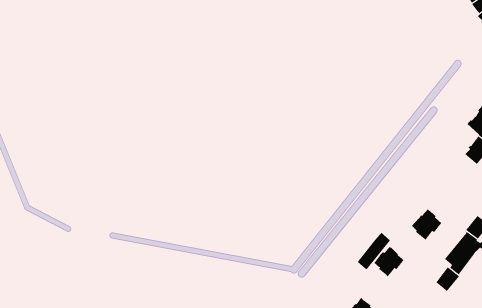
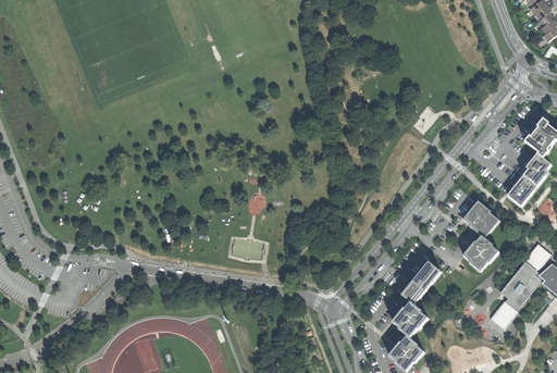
building: none -> [508,174,537,206]
building: none -> [463,201,499,236]
building: [373,246,404,277] -> [394,302,429,337]

